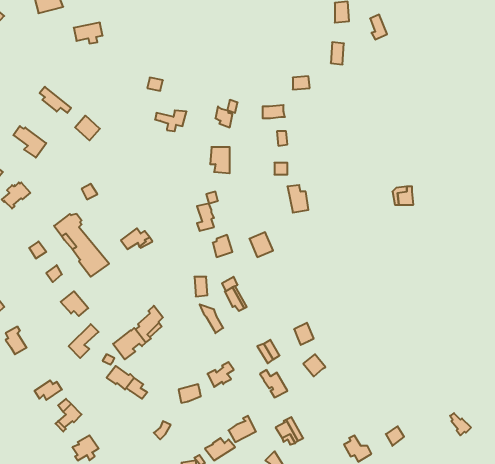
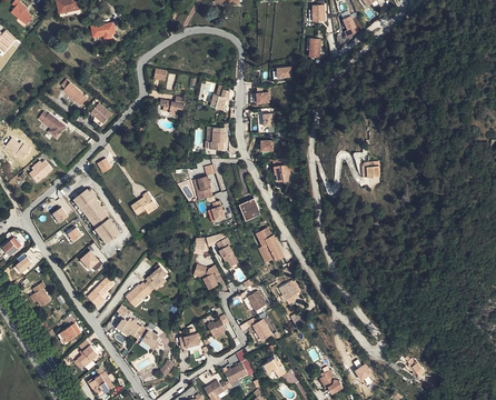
building: none -> [255,228,282,262]

